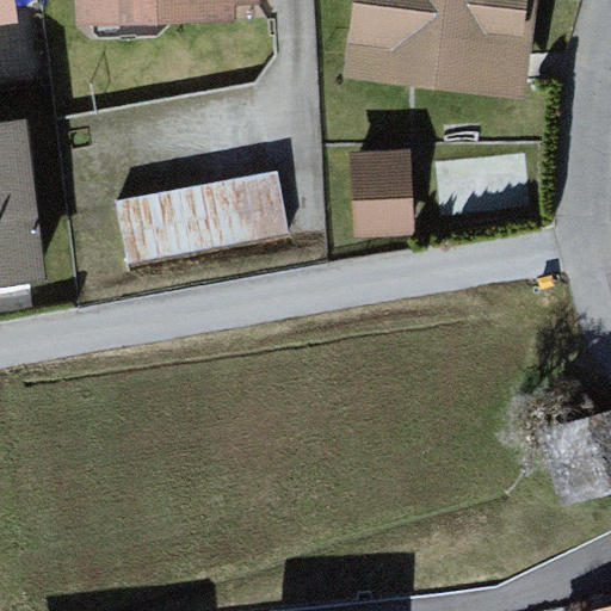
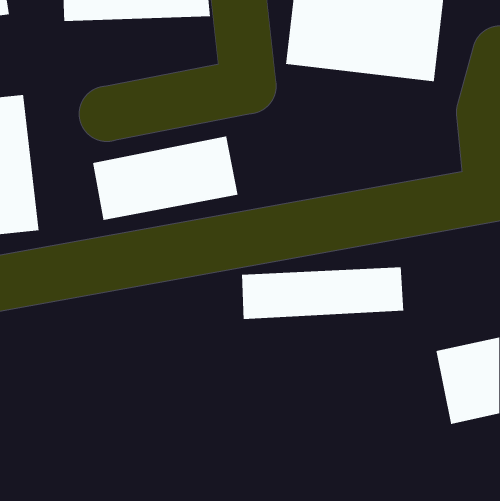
building: [348,147,418,239] -> none
building: none -> [241,266,404,320]

